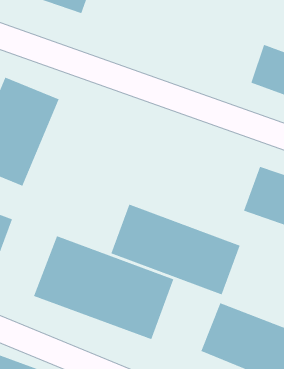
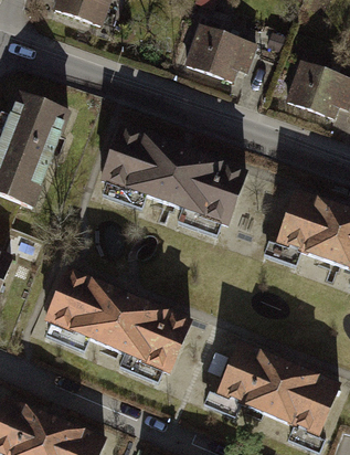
building: none -> [181,22,255,82]
building: [111,204,241,295] -> [102,125,243,224]

